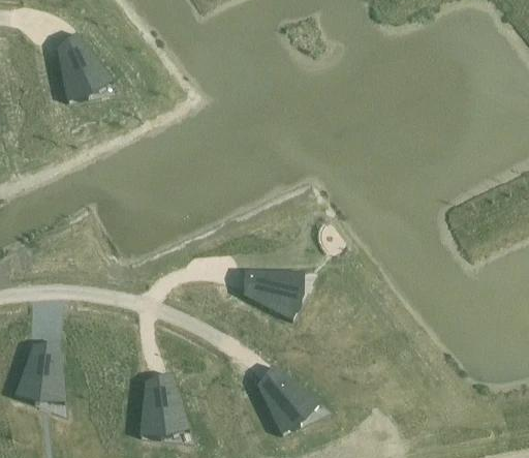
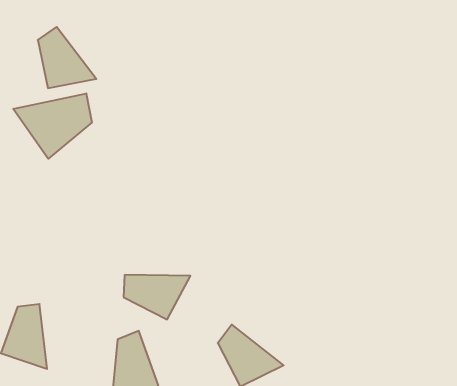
building: none -> [13,93,92,159]
building: [243,269,317,318] -> [124,275,190,319]

